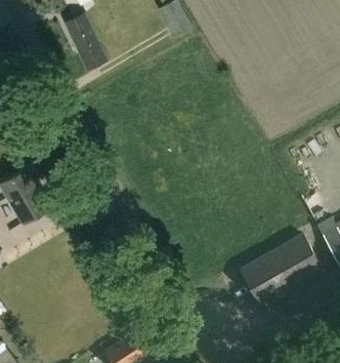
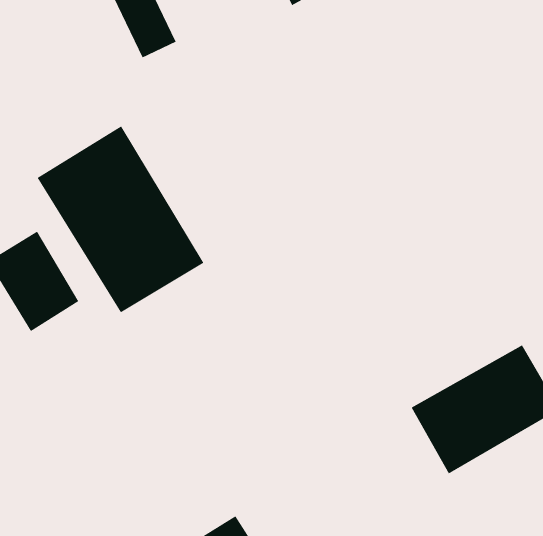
building: none -> [37,126,204,313]

